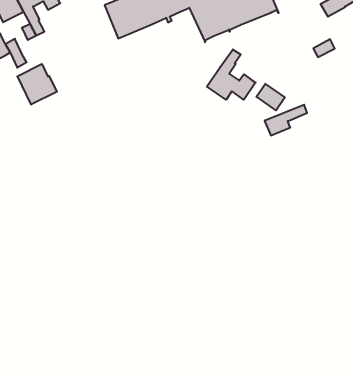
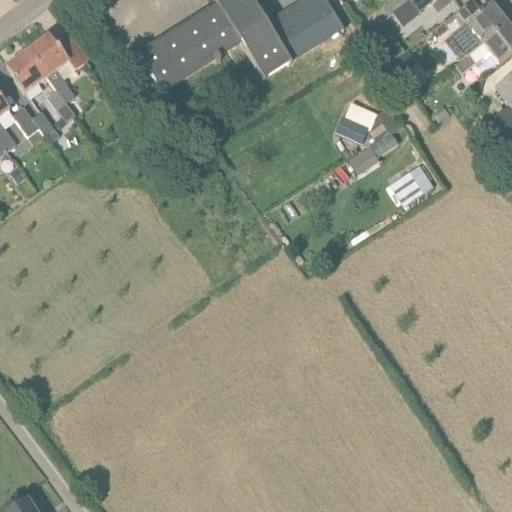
building: [207,49,256,100] -> none
building: [17,64,57,105] -> none
building: none -> [390,164,434,205]

